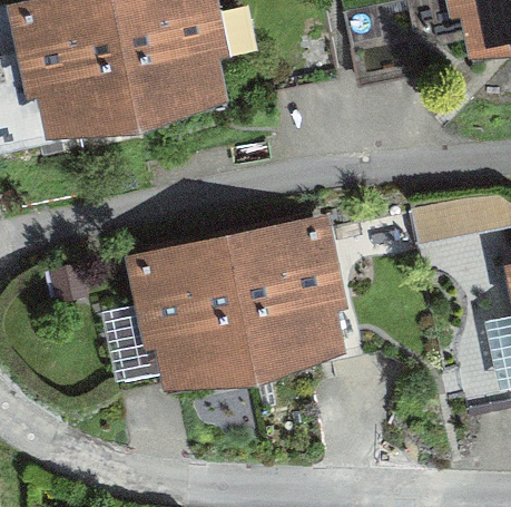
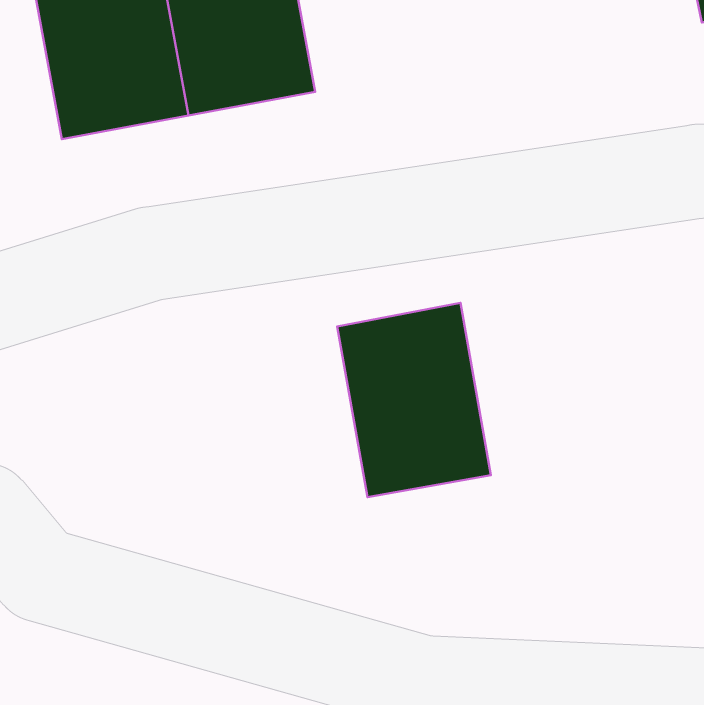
building: [146,248,247,376] -> none

